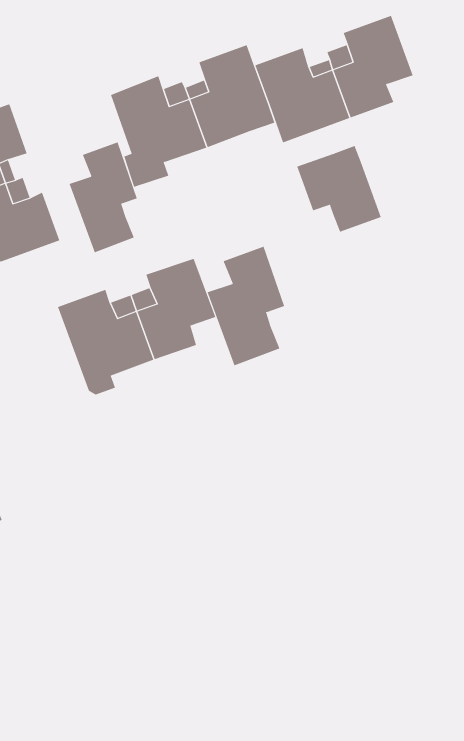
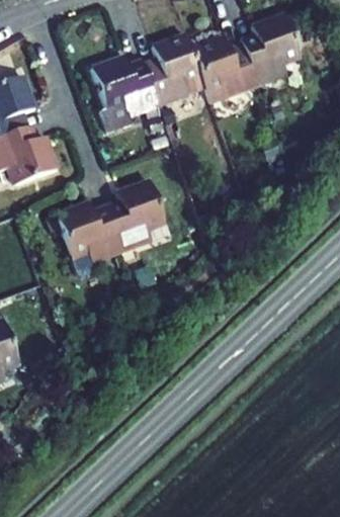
building: [69,142,138,253] -> none
building: [297,145,381,233] -> none
building: [207,246,285,366] -> none

